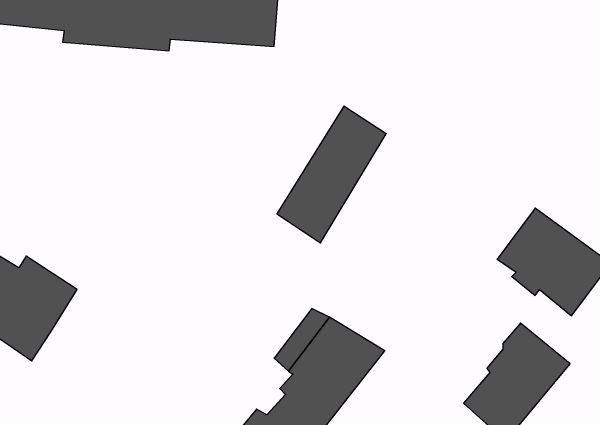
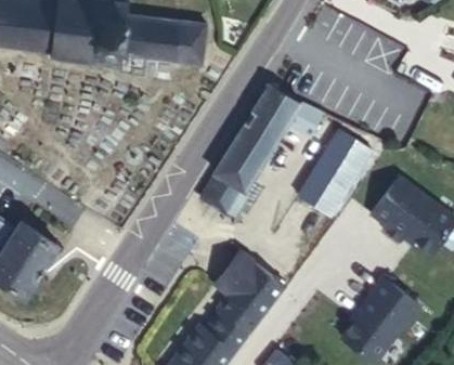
building: none -> [257,78,306,128]
building: none -> [297,130,369,217]

